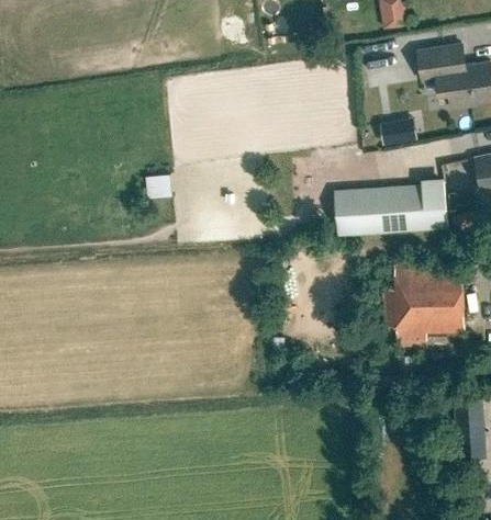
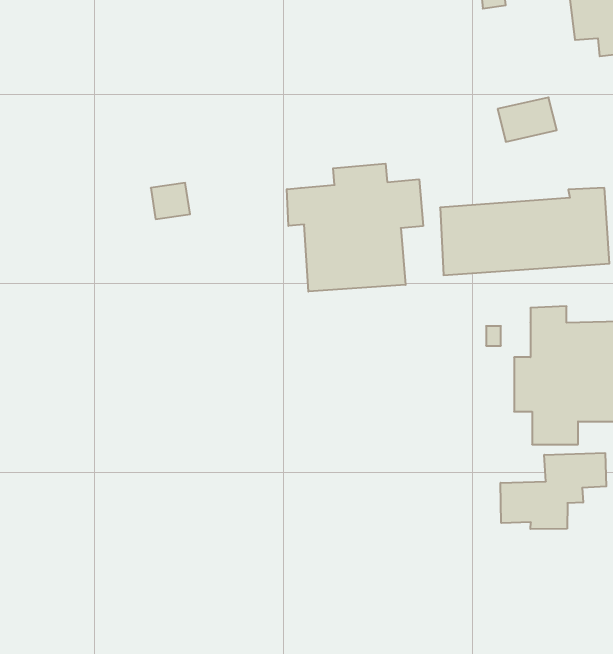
building: none -> [287,164,423,292]
building: none -> [501,453,606,529]

